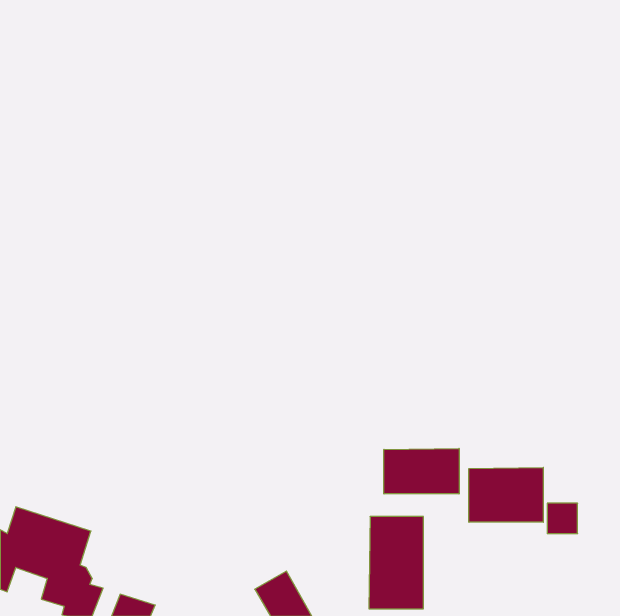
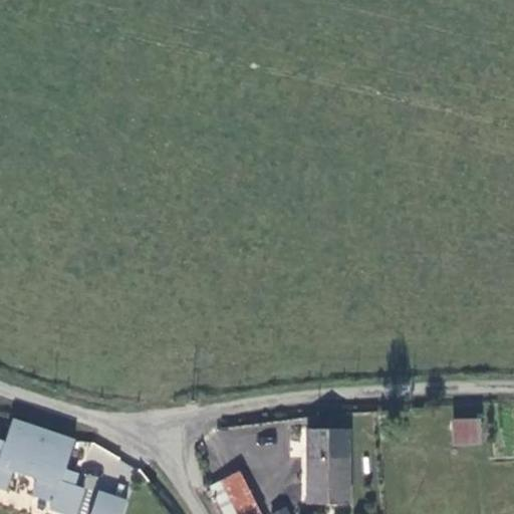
building: [384,448,459,494] -> none
building: [469,467,543,522] -> none

